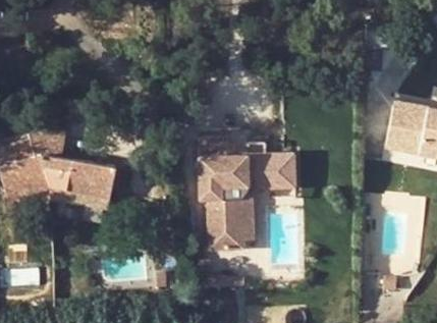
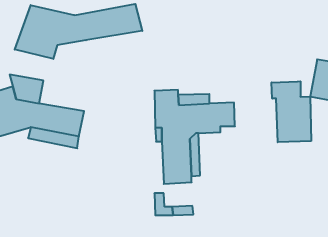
building: none -> [15,4,142,59]
building: none -> [272,81,311,142]

